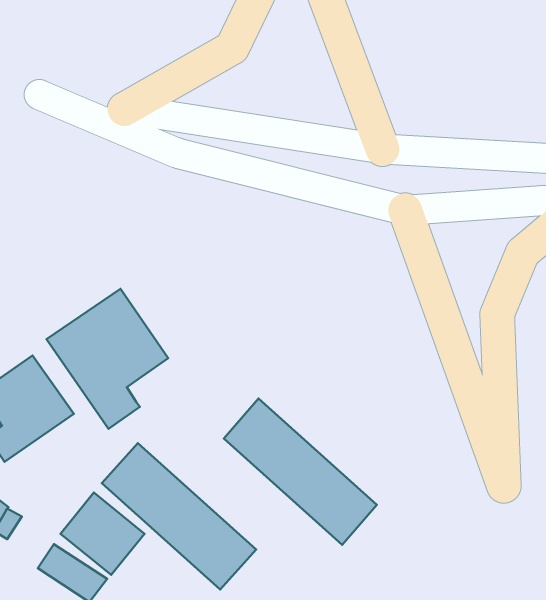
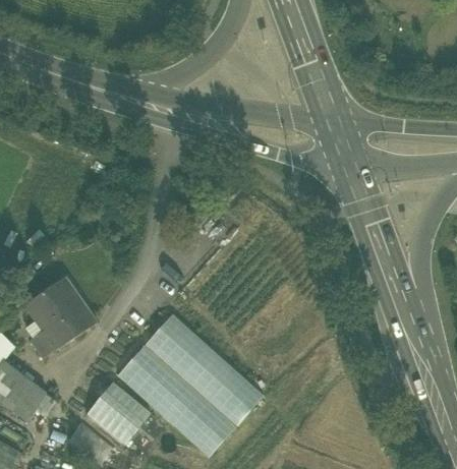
building: [47,289,168,429] -> none
building: [224,398,377,545] -> [145,313,262,425]

